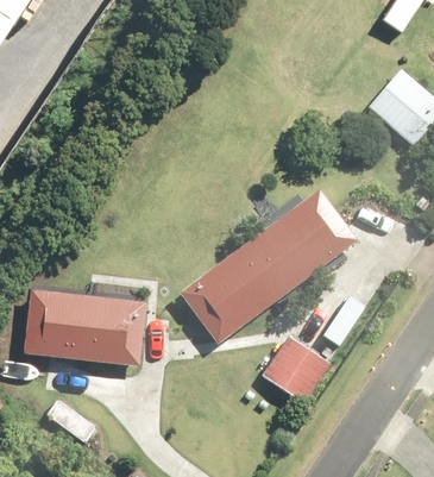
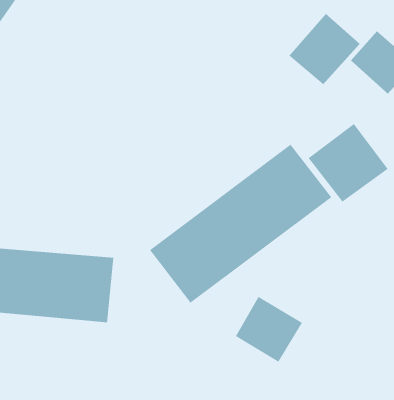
building: none -> [289,13,361,85]
building: none -> [308,123,388,203]

